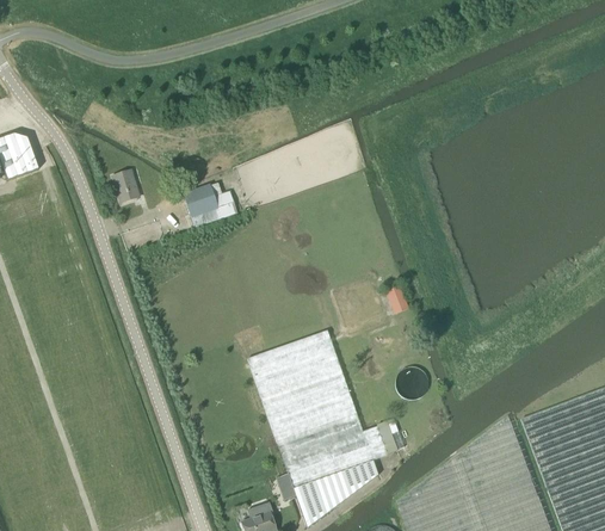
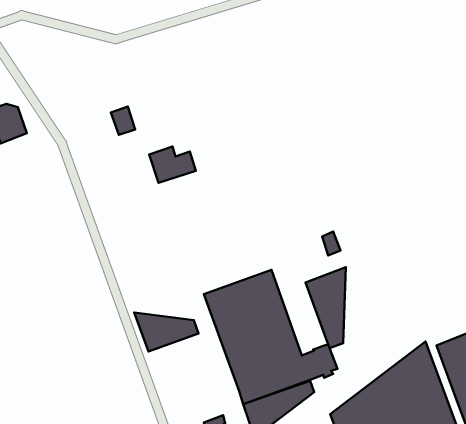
building: [111,171,140,204] -> [111,106,135,135]
building: none -> [305,267,346,348]
building: none -> [134,312,198,351]

